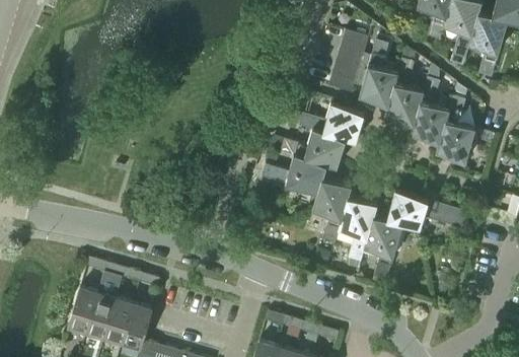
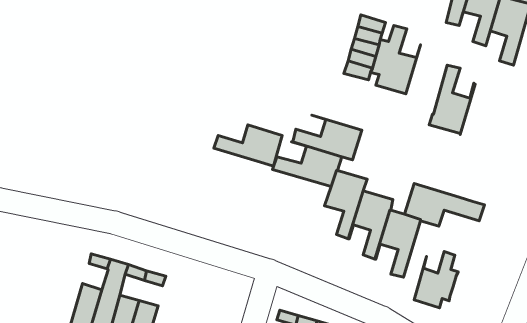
building: [384,60,427,126] -> none
building: [436,97,474,163] -> none
building: [298,104,363,144] -> [214,125,282,166]
building: none -> [414,251,458,308]

